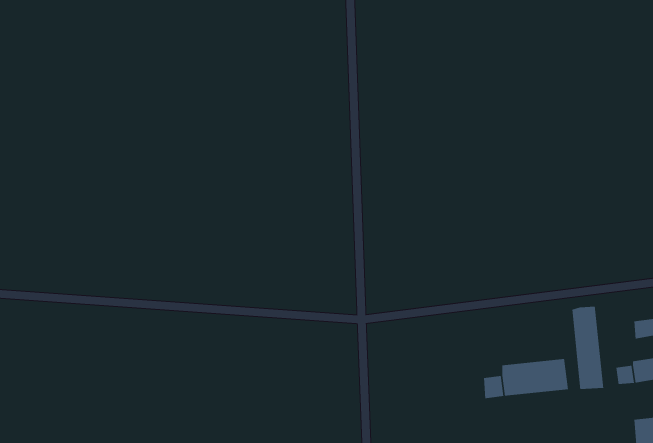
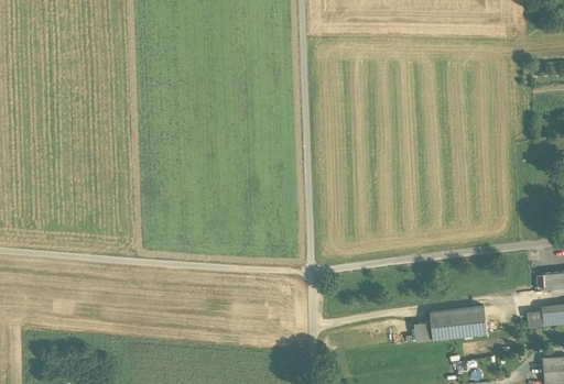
building: [572,306,604,390] -> none

